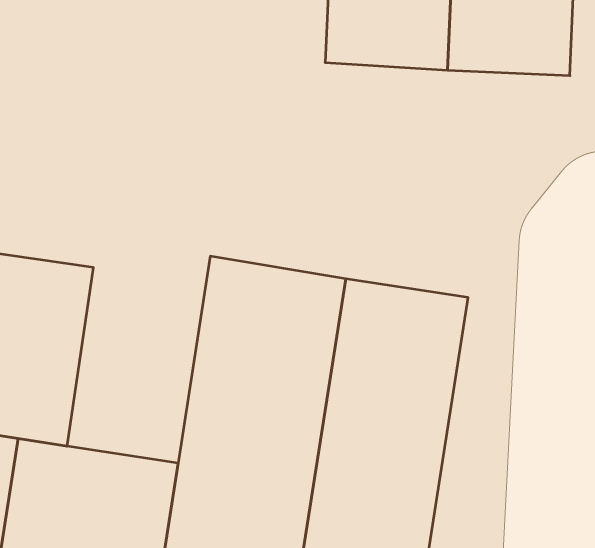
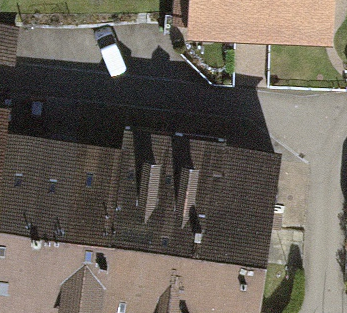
building: none -> [64,141,140,252]

